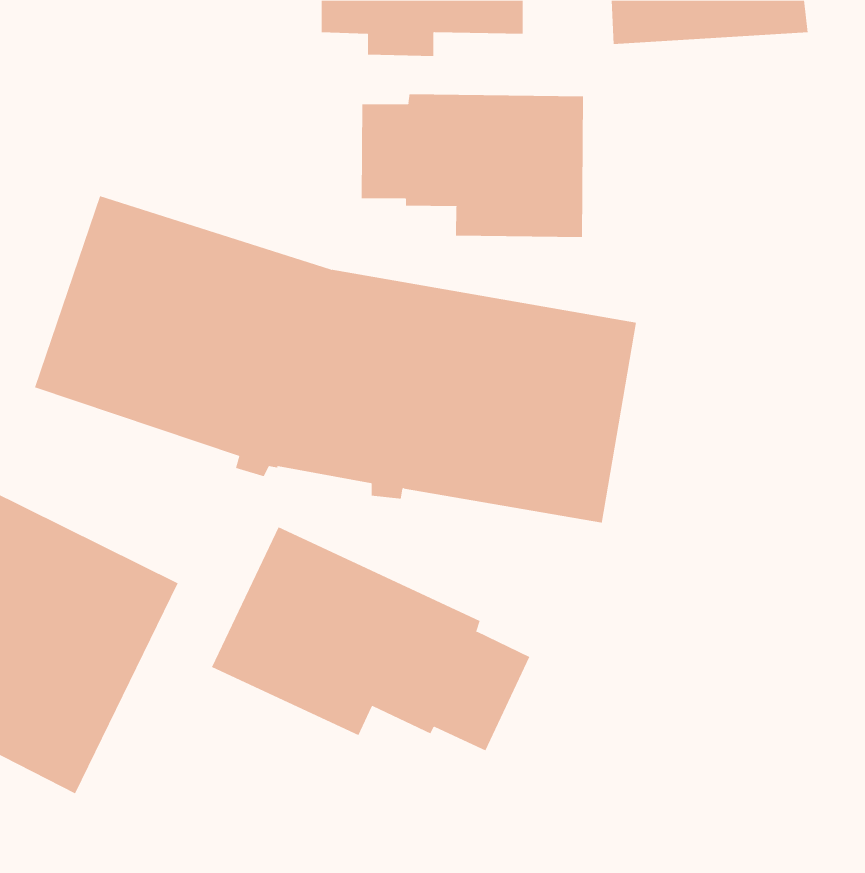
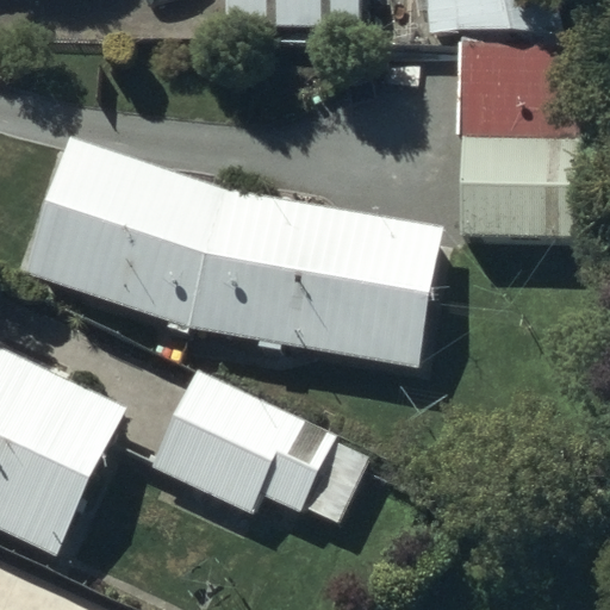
building: none -> [443,39,579,237]
building: [361,94,583,238] -> none

